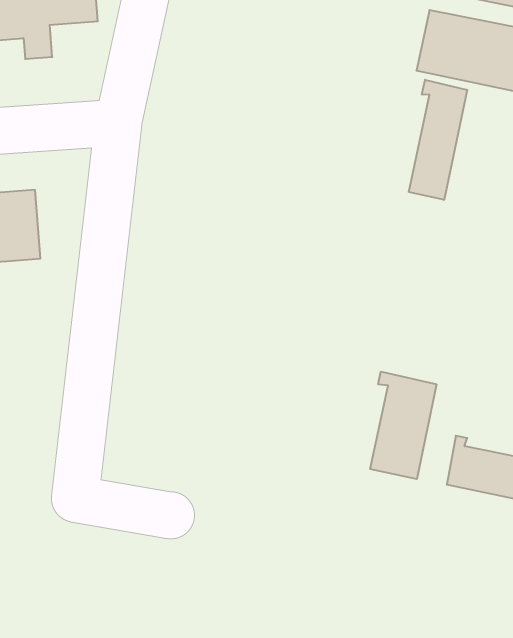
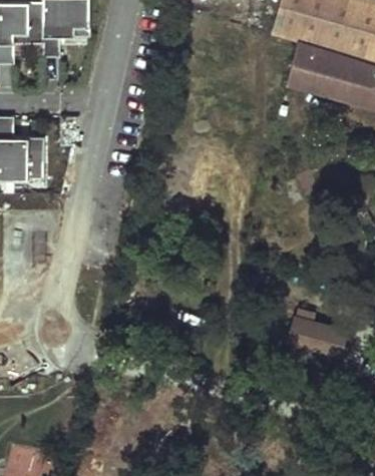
building: [409,80,467,200] -> none
building: [370,372,436,479] -> none

